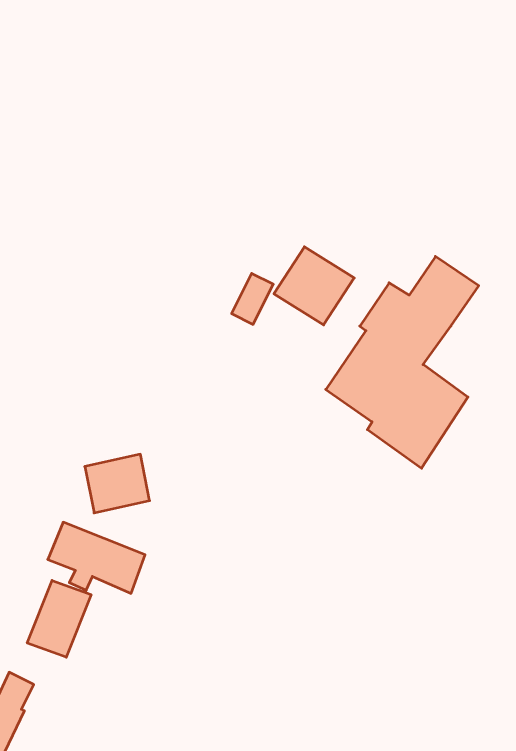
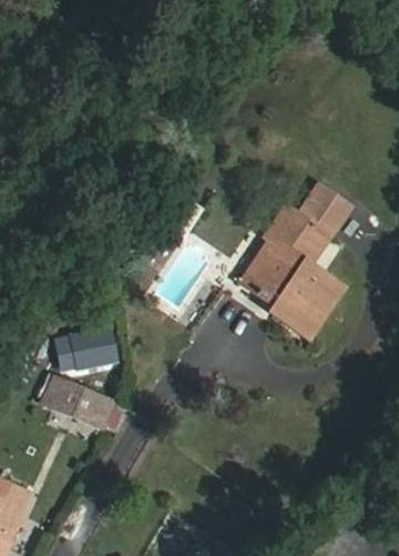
building: [274,247,354,325] -> none
building: [27,580,91,657] -> none

